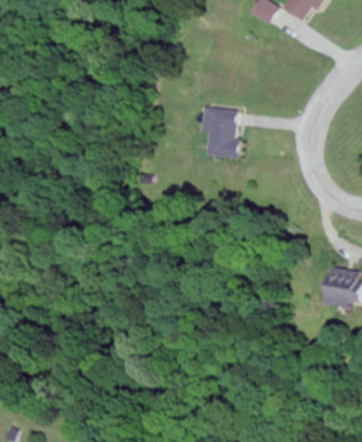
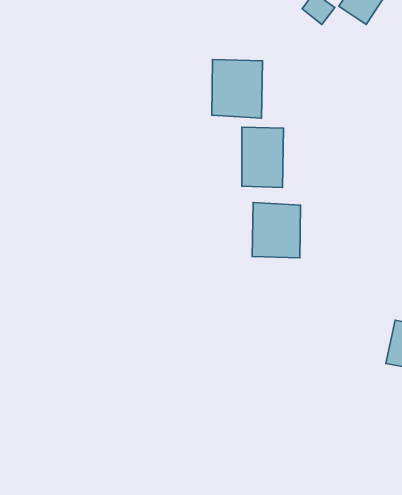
building: none -> [212,60,263,118]
building: none -> [252,203,301,258]

